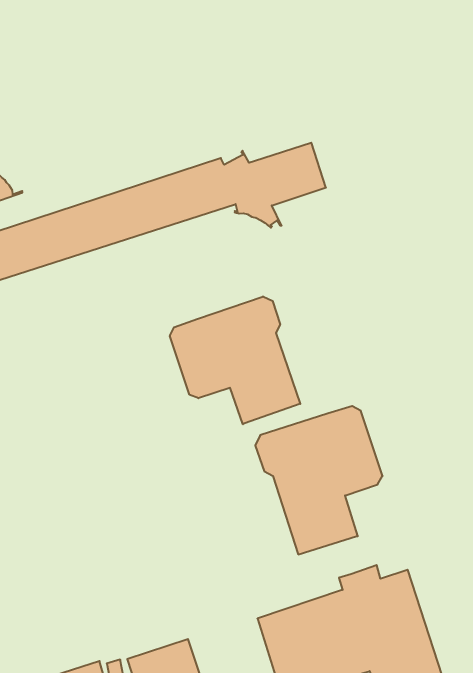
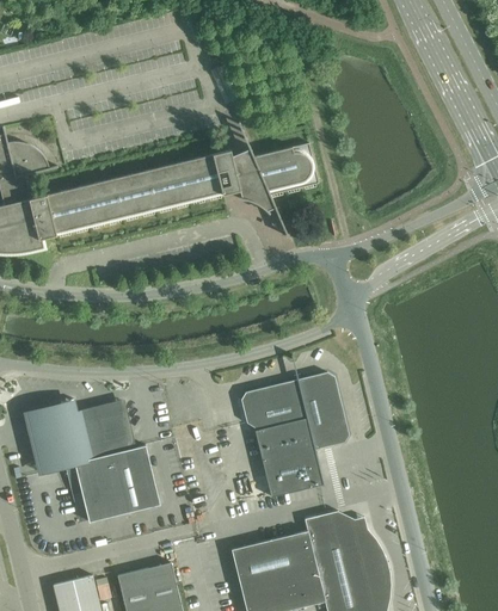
building: [170,296,300,424] -> none
building: none -> [27,401,160,521]

